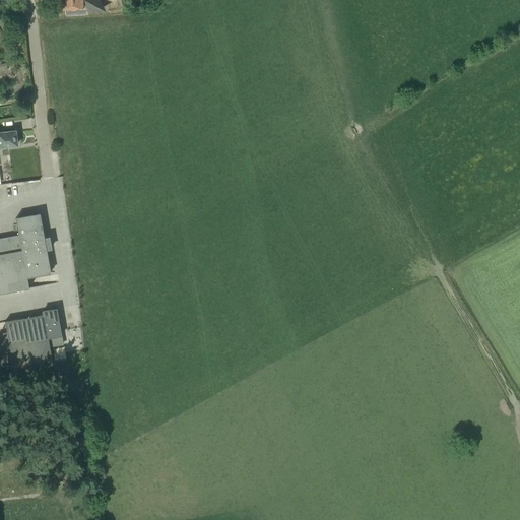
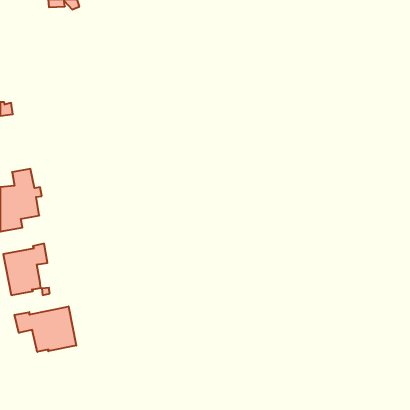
building: none -> [15,306,76,352]

